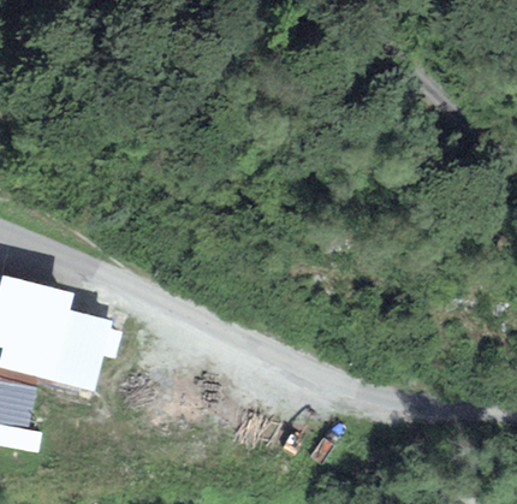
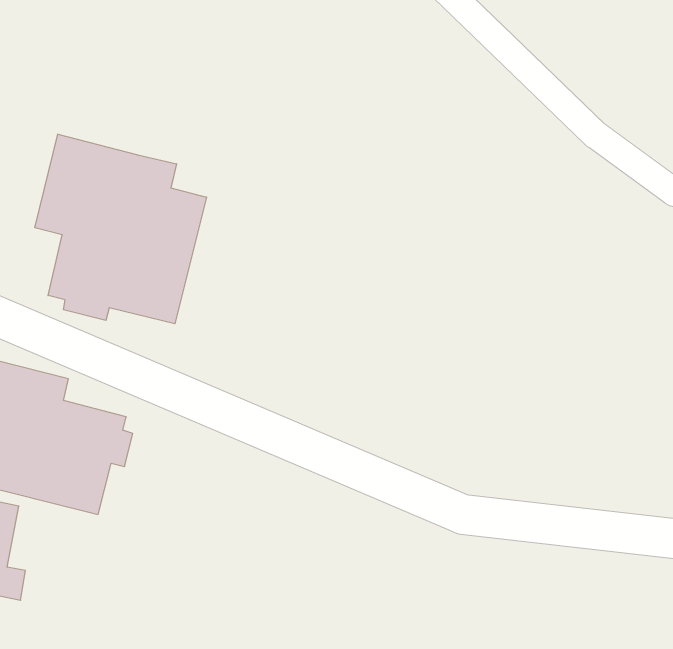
building: none -> [35,134,207,324]

